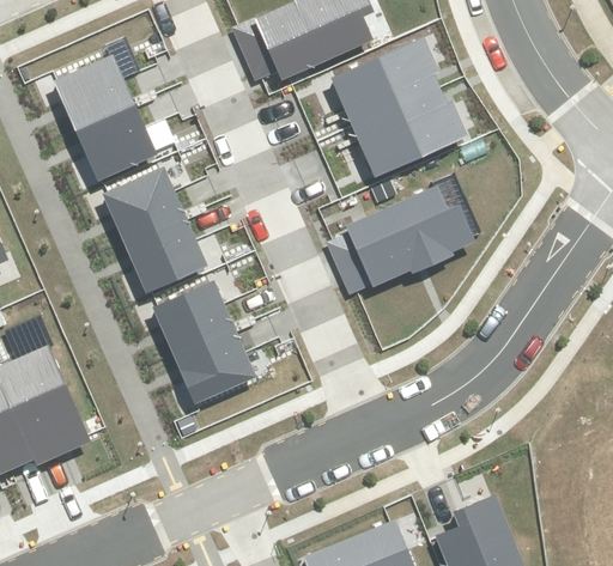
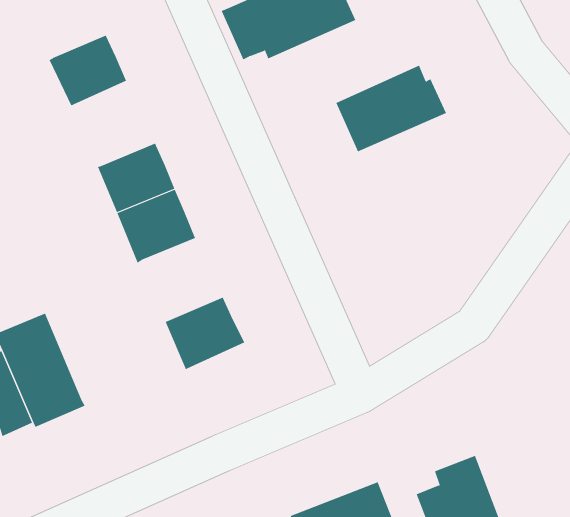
building: [330,36,439,126] -> none
building: [75,103,157,179] -> none
building: [327,187,477,296] -> none
building: [153,281,235,354] -> none

